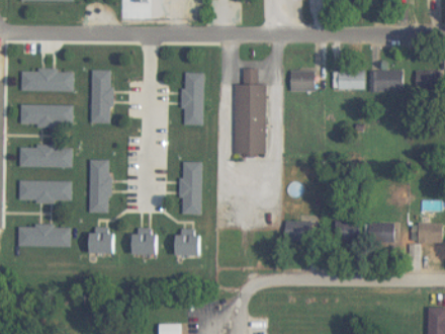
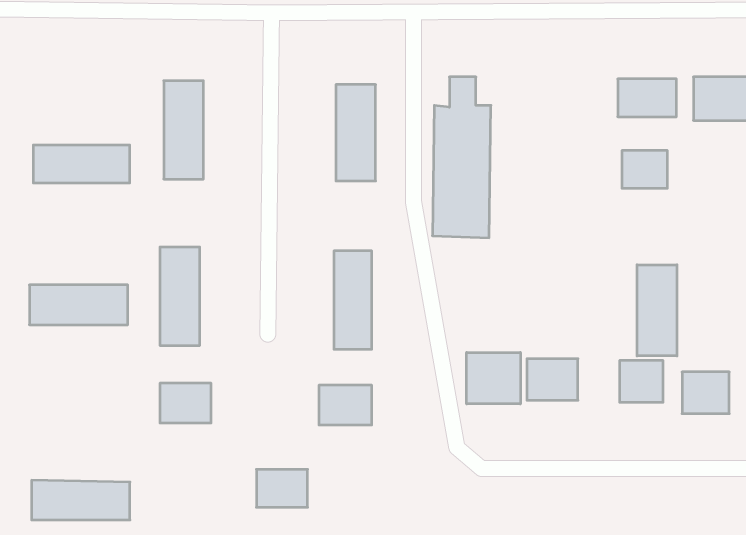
building: [20,70,73,91] -> none
building: [290,71,315,91] -> [622,151,667,188]
building: [18,146,71,167] -> none
building: none -> [637,265,677,356]
building: none -> [467,352,520,404]
building: [17,225,70,246] -> [32,480,130,520]
building: [130,234,158,254] -> [256,469,308,507]

